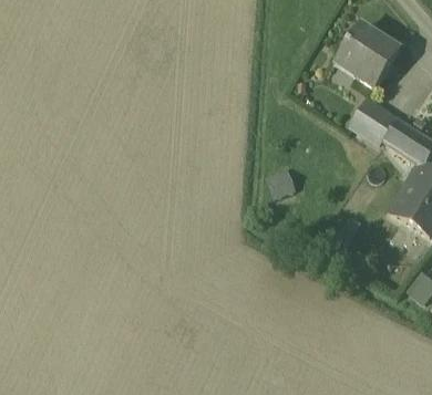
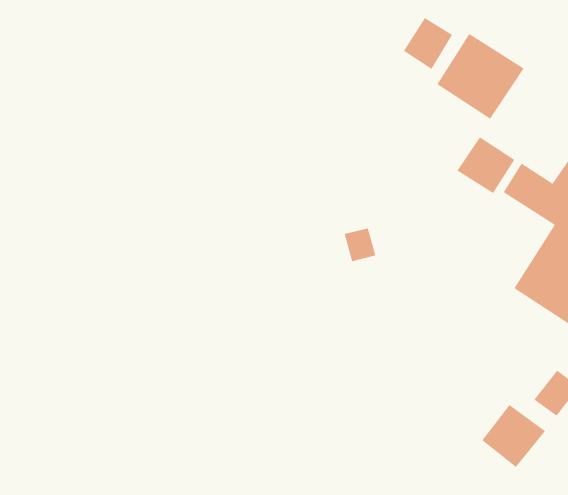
building: none -> [403,17,453,70]
building: none -> [481,404,546,468]

